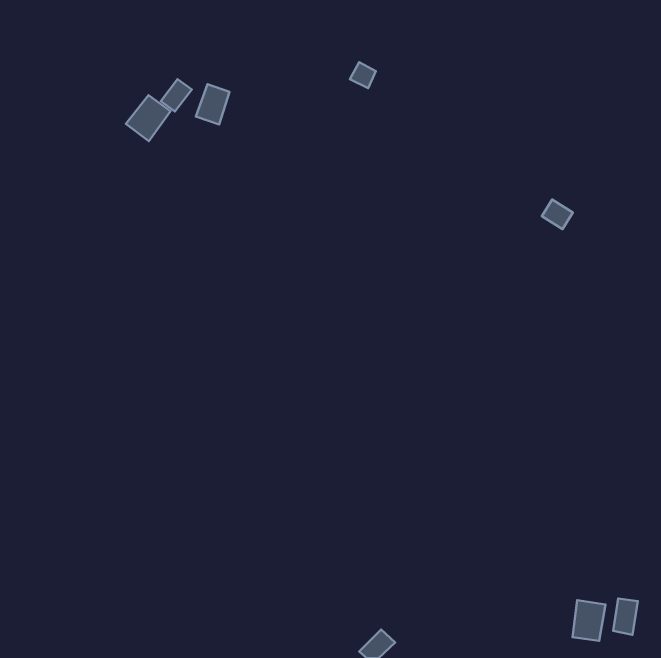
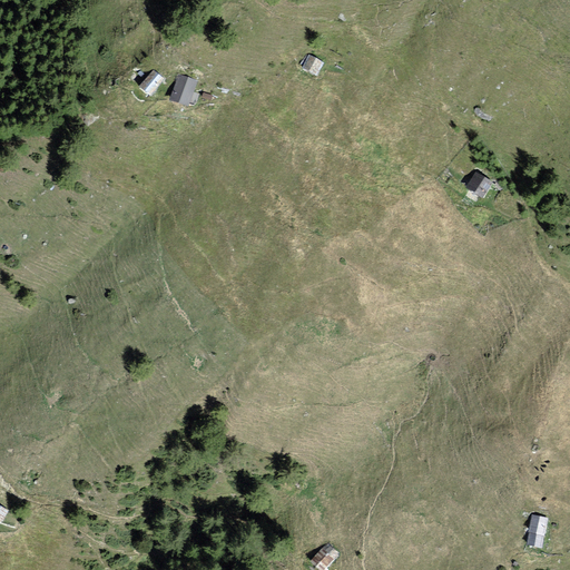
building: [126,95,170,141] -> none
building: [572,600,605,641] -> none

